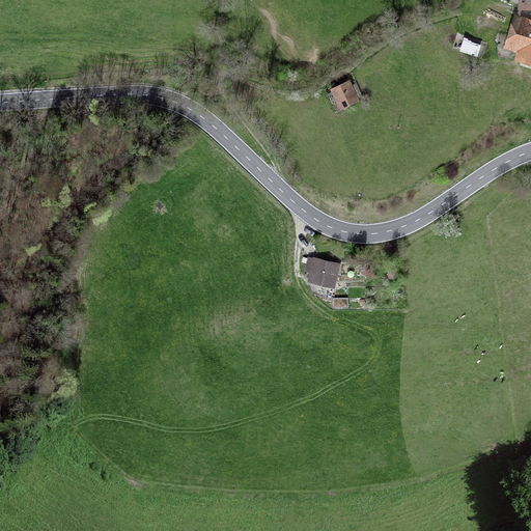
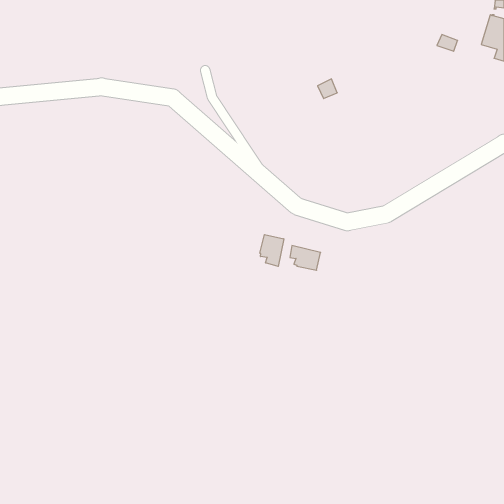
building: none -> [260,235,284,266]

